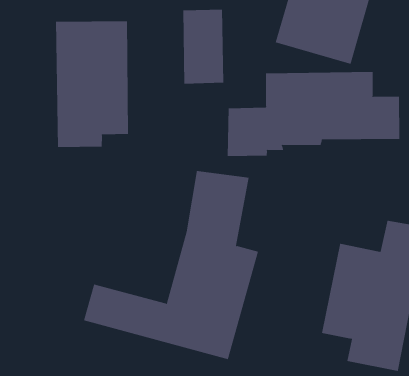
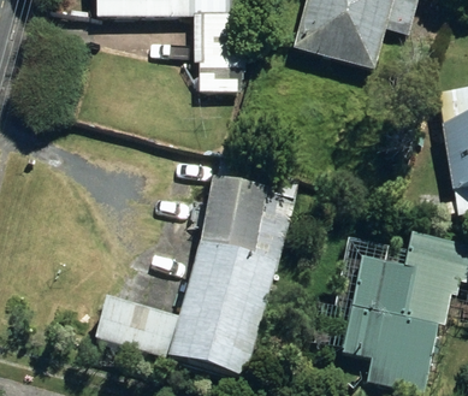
building: [55,21,129,148] -> none
building: [227,71,400,157] -> none

